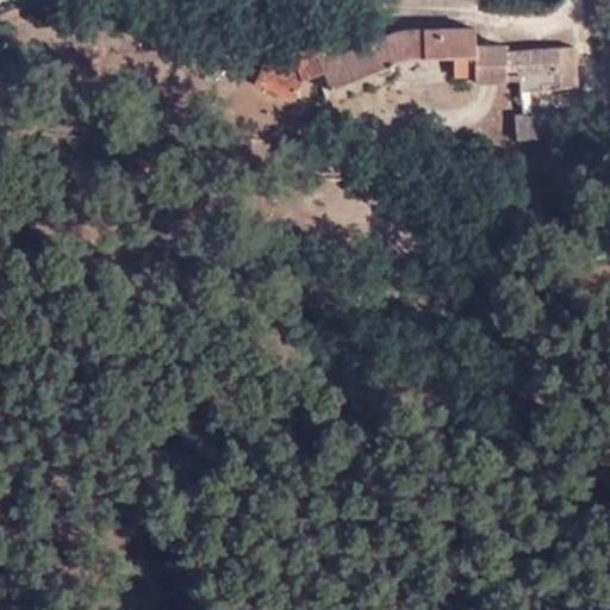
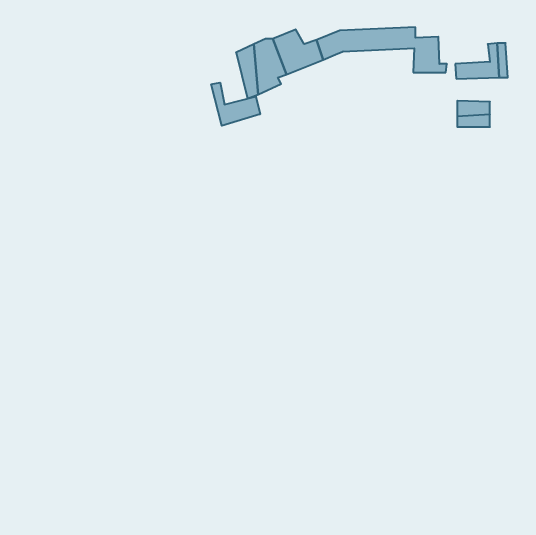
building: [498,43,556,74] -> none
building: none -> [211,83,260,126]

